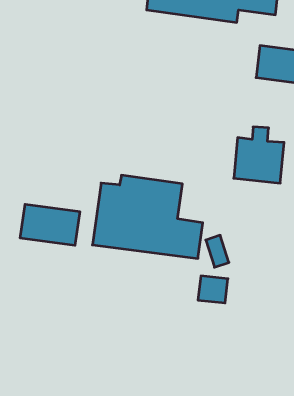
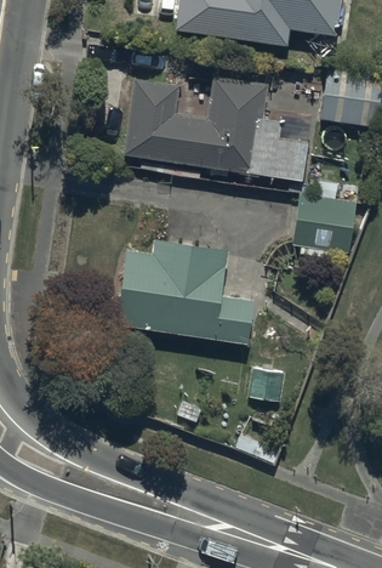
building: none -> [124,78,309,178]
building: [20,204,80,245] -> none

